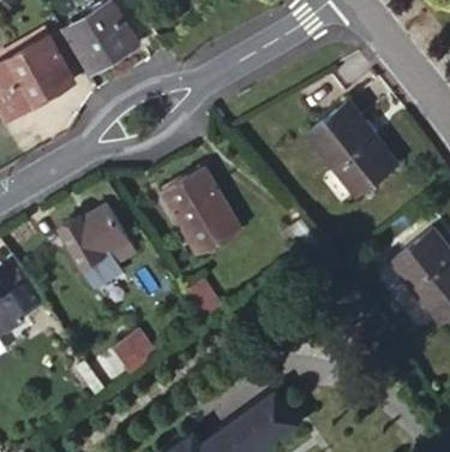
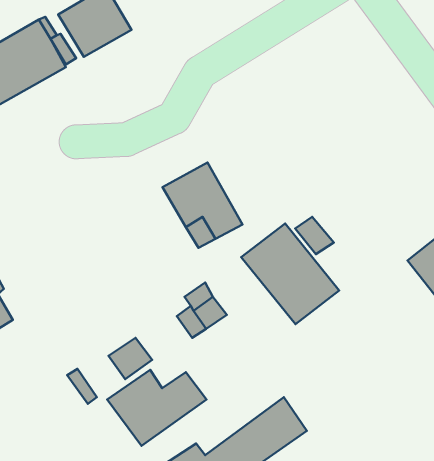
building: [306,102,397,196] -> [241,224,339,324]
building: [58,206,133,290] -> none
building: none -> [107,370,207,446]

